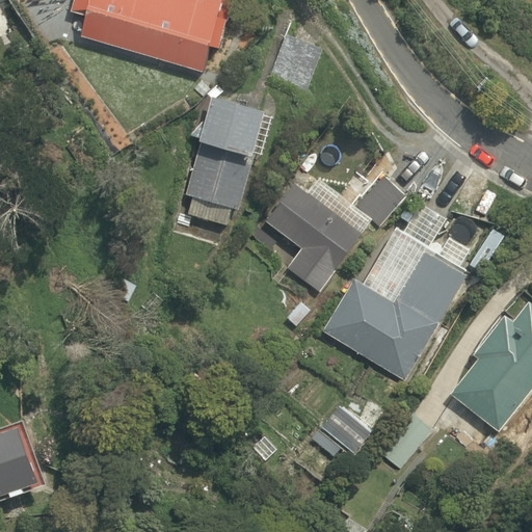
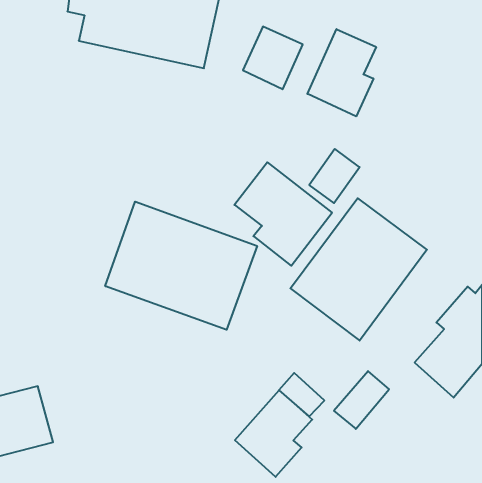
building: none -> [307,29,376,116]
building: [184,94,283,227] -> none
building: none -> [105,202,257,330]
building: none -> [235,390,312,477]

